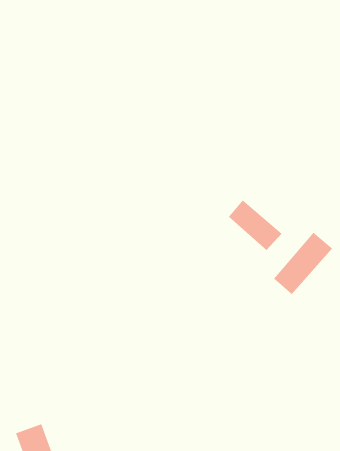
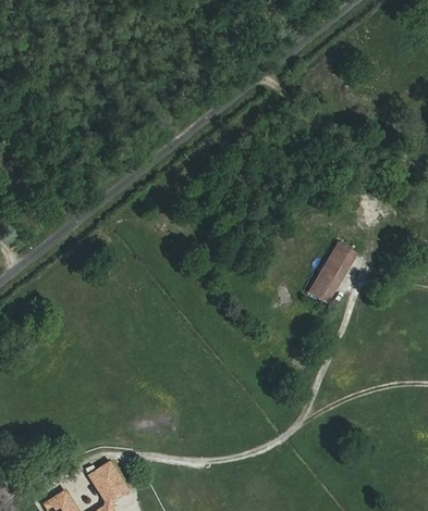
building: [228,200,282,251] -> none

